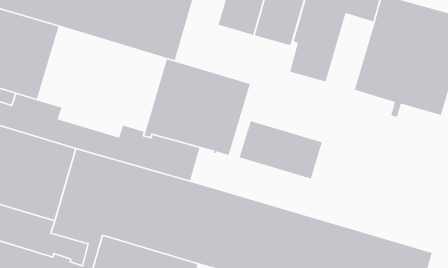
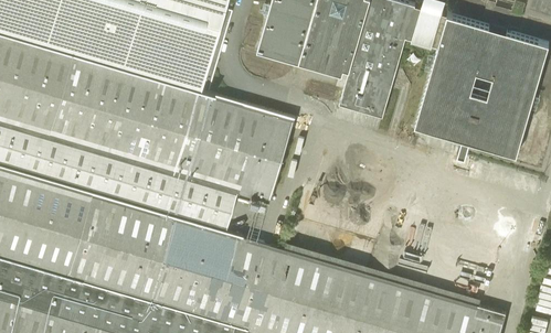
building: none -> [47,53,197,181]
building: [239,120,323,179] -> none

